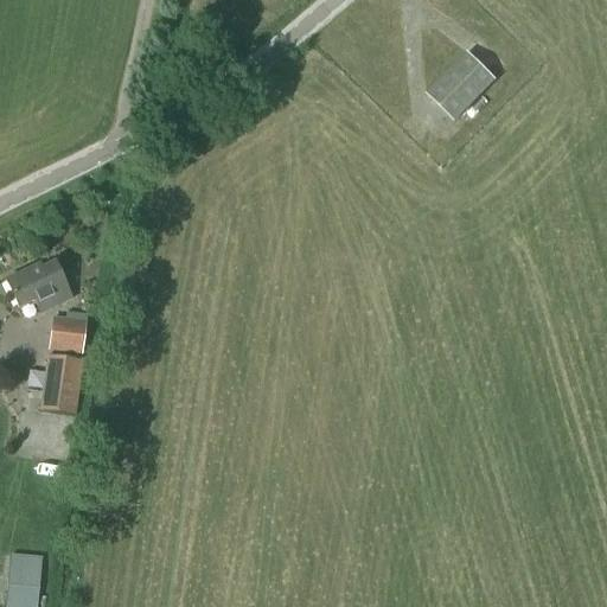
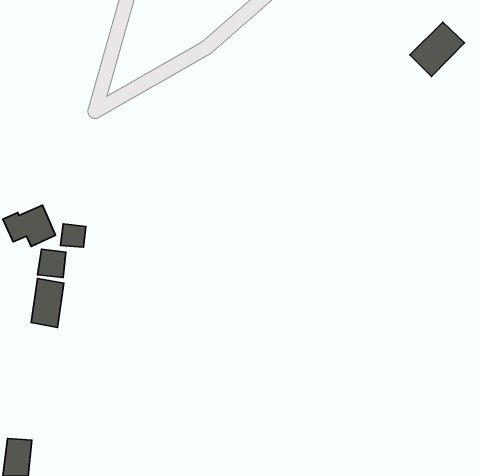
building: [428,50,497,119] -> [410,22,464,77]
building: none -> [61,224,86,247]

